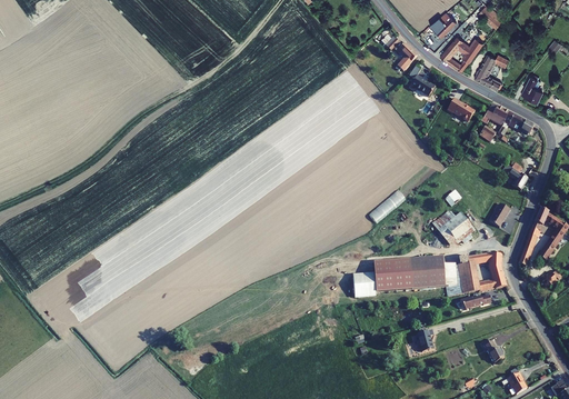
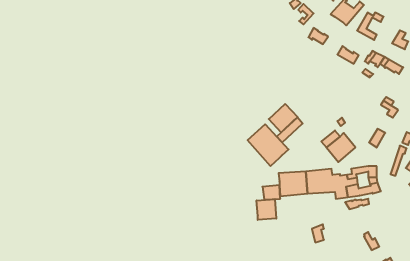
building: none -> [269,104,298,132]
building: none -> [248,124,289,166]
building: none -> [257,199,276,220]

